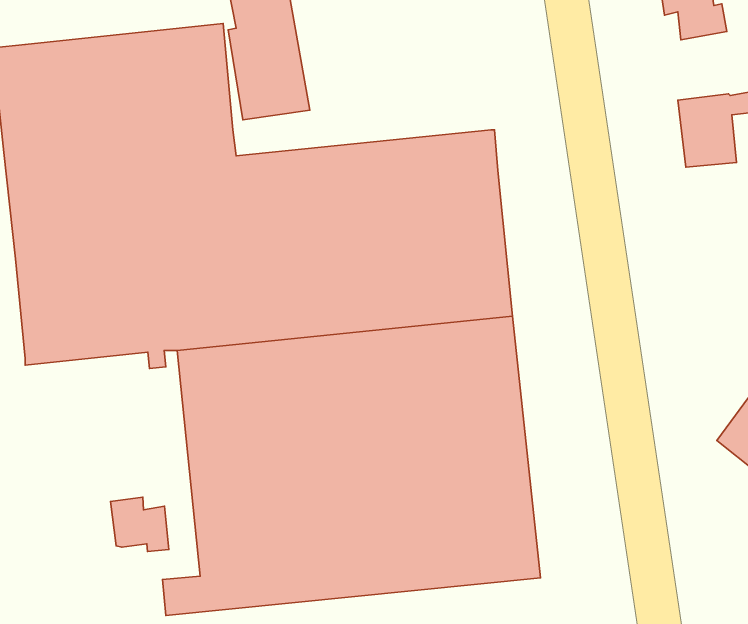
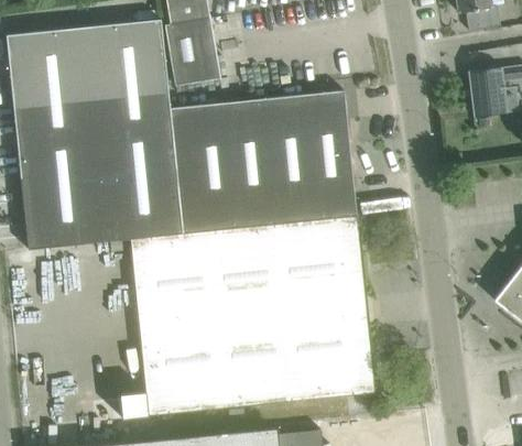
building: [110,497,169,552] -> none

